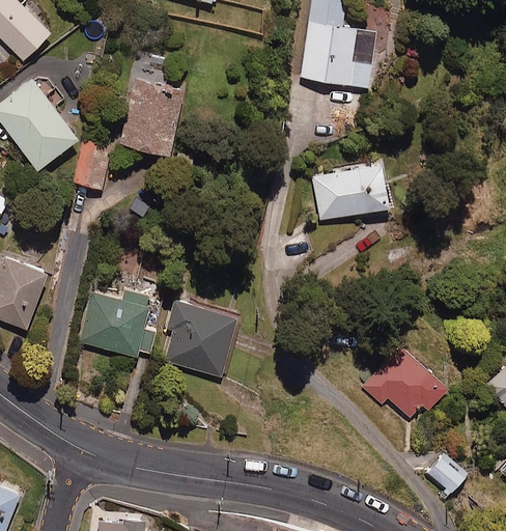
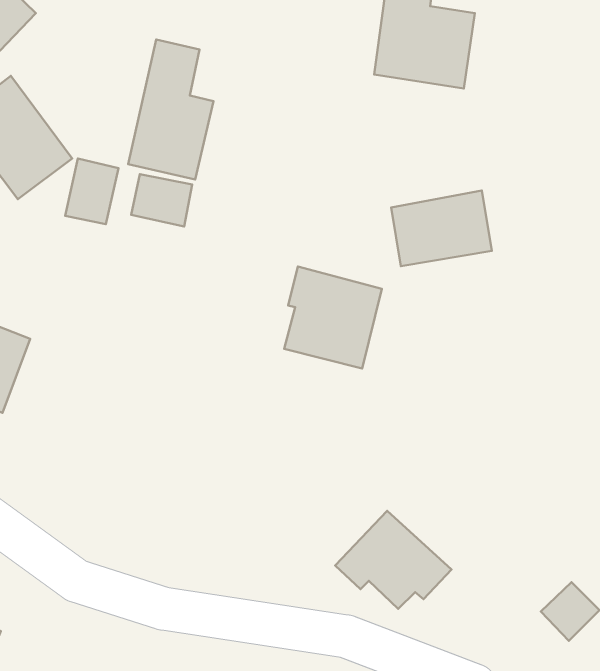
building: none -> [131,174,192,227]
building: [79,289,149,356] -> none
building: [163,301,235,376] -> [284,266,382,369]
building: [362,345,448,418] -> [335,511,451,609]

